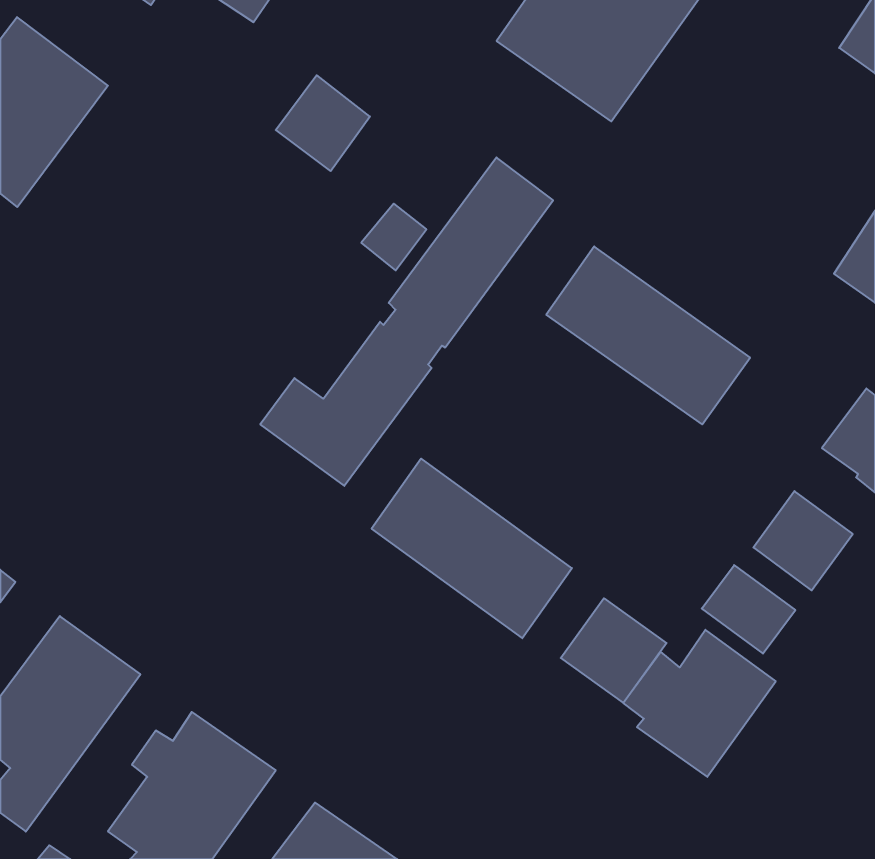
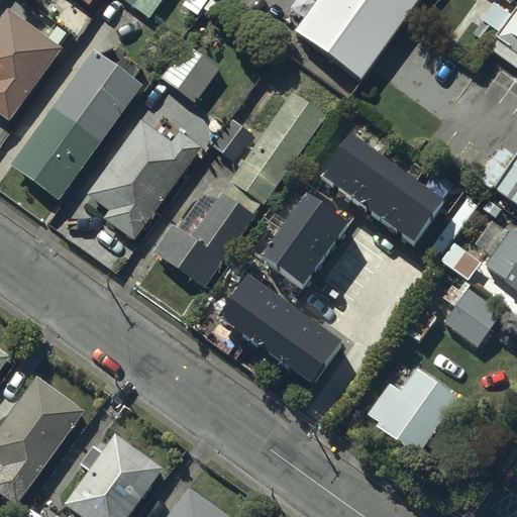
building: none -> [10,54,141,202]
building: none -> [88,119,203,240]
building: none -> [262,196,346,287]
building: [702,565,795,654] -> none
building: [561,598,667,703] -> none

